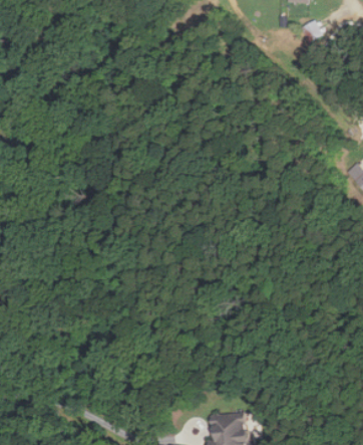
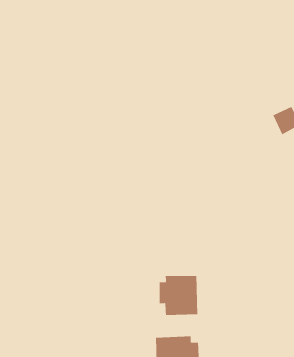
building: none -> [159,275,198,316]

